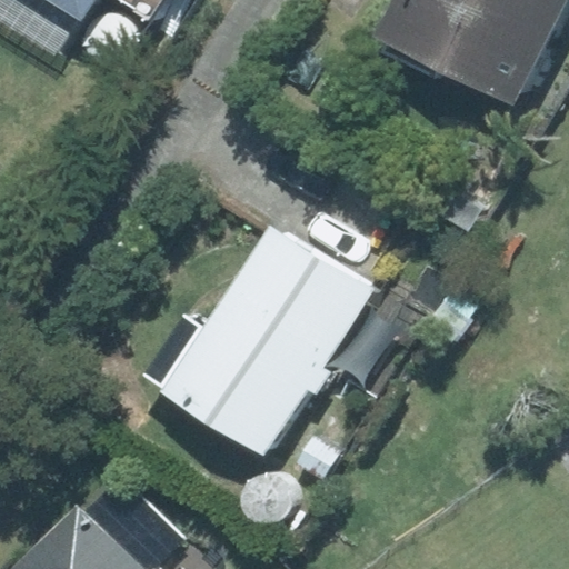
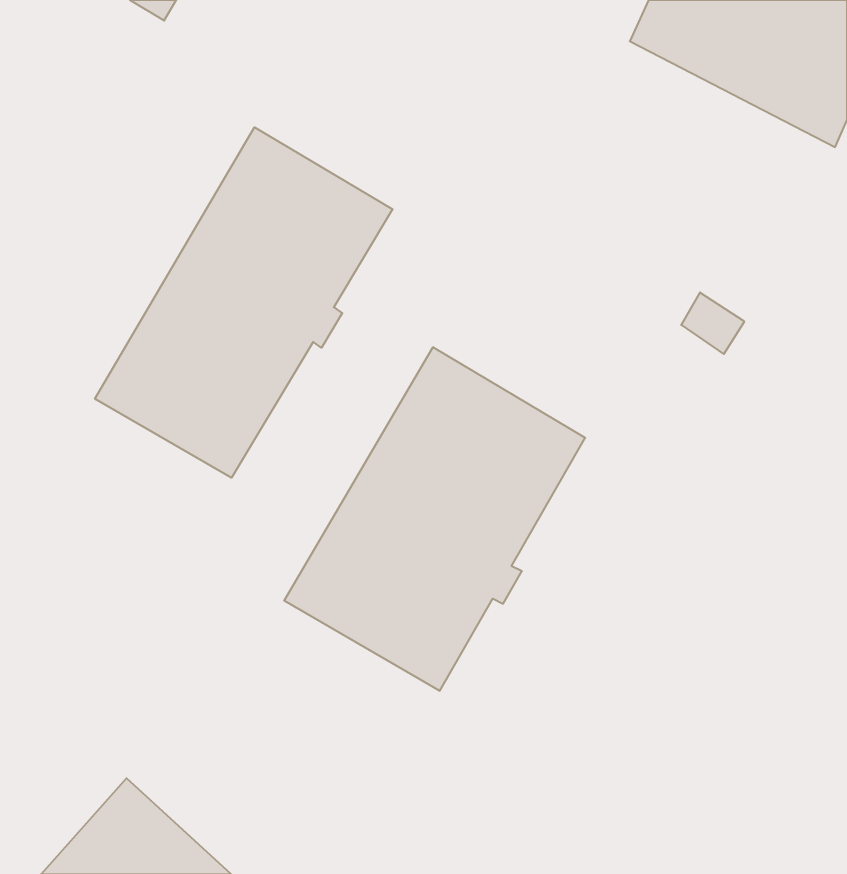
building: none -> [95,127,393,478]

